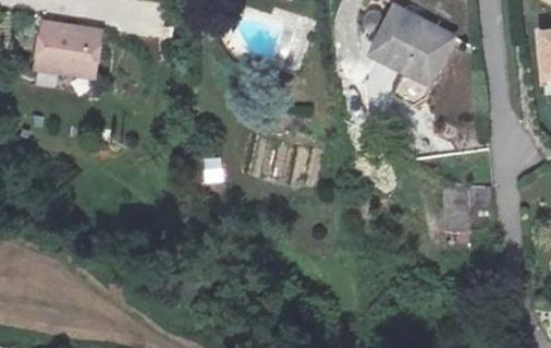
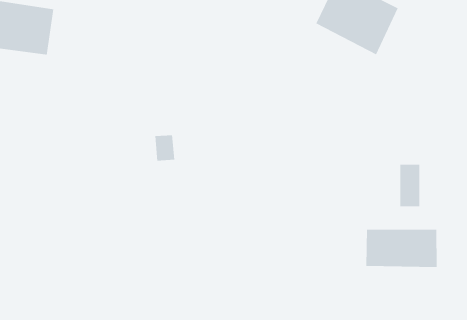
building: none -> [366,229,437,268]

